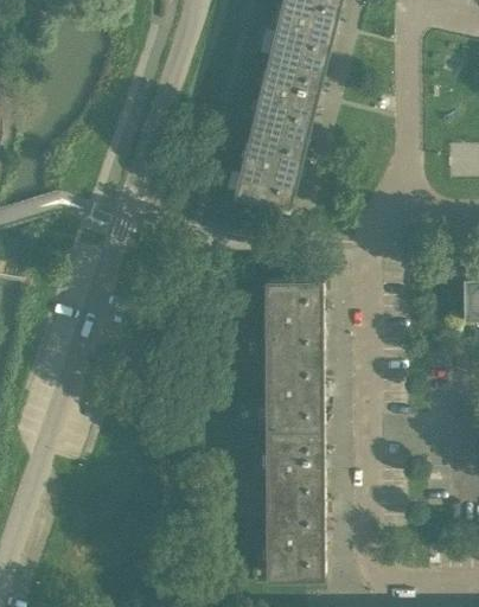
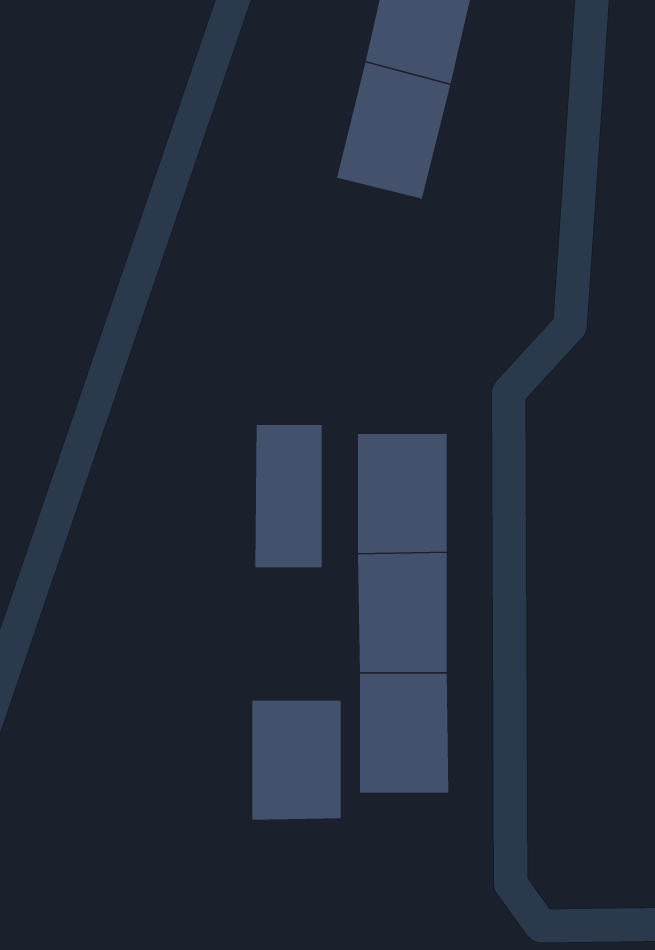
building: [236,120,307,205] -> none
building: none -> [254,424,323,568]
building: [268,500,324,575] -> [252,700,342,821]

